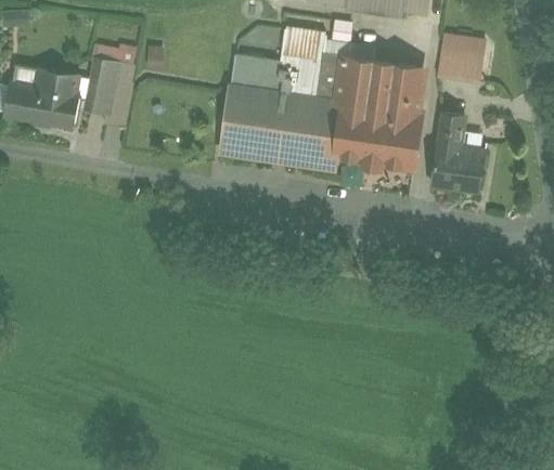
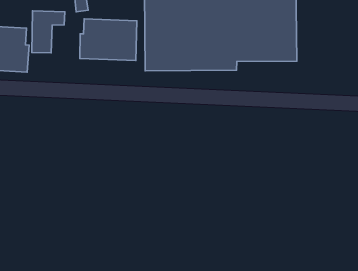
building: none -> [80,19,137,60]
building: [426,105,485,193] -> none

